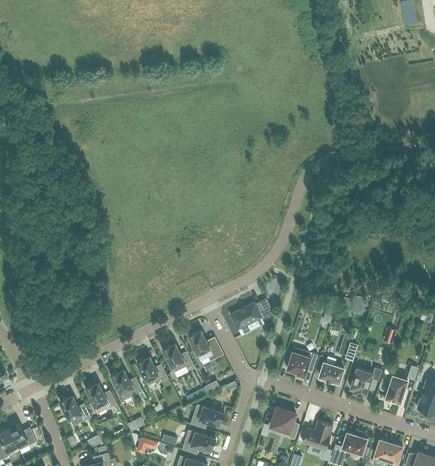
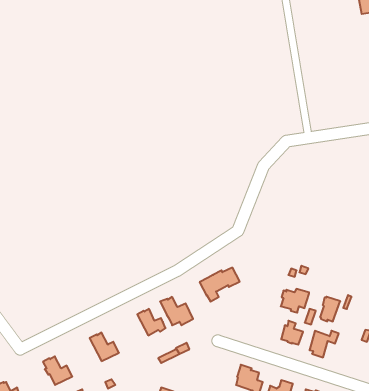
building: [286,351,317,377] -> [281,289,309,313]
building: [136,357,168,386] -> none
building: [385,376,407,403] -> [320,297,340,321]
building: [85,383,120,414] -> none
building: [190,404,223,428] -> none

